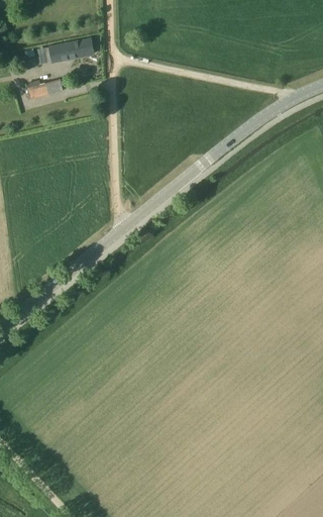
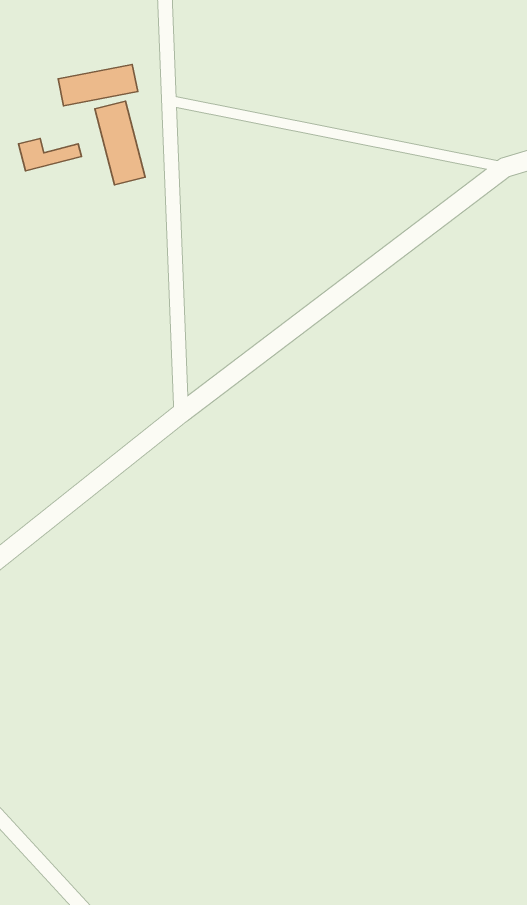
building: none -> [95,101,145,185]

